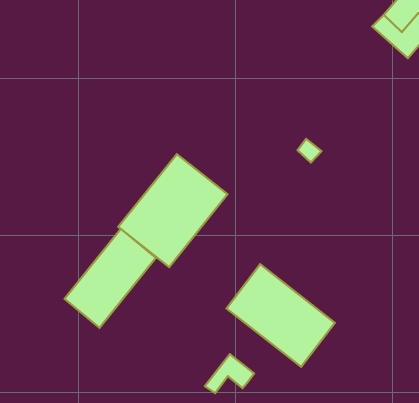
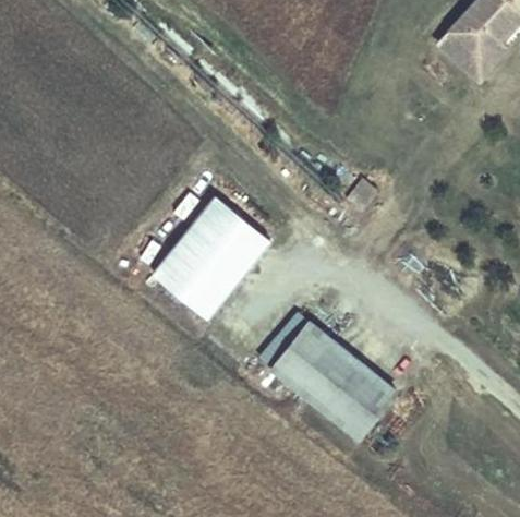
building: [65,229,156,328] -> none
building: [205,354,254,393] -> none

